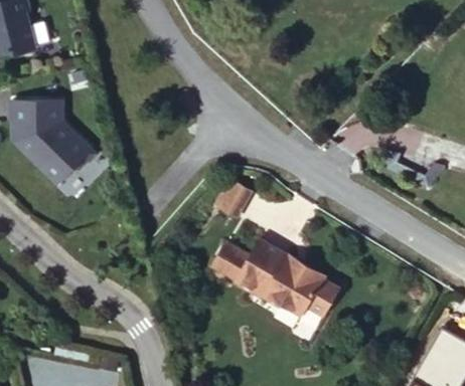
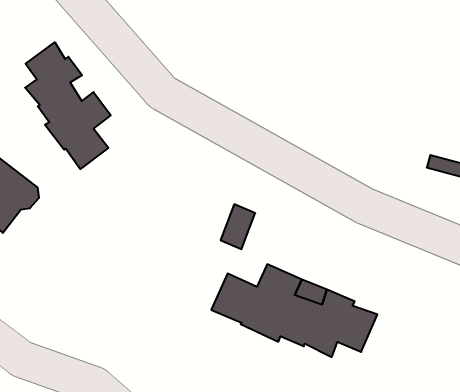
building: none -> [25,42,111,169]

